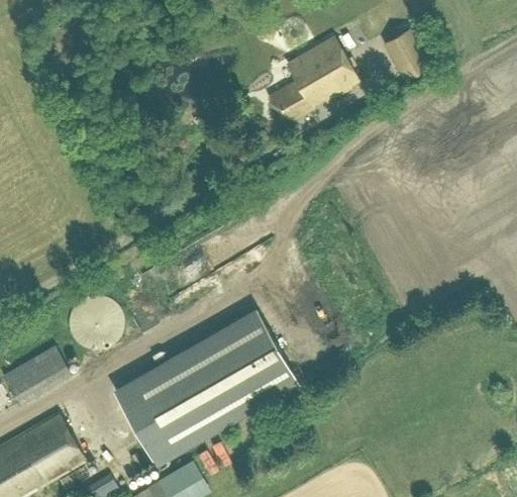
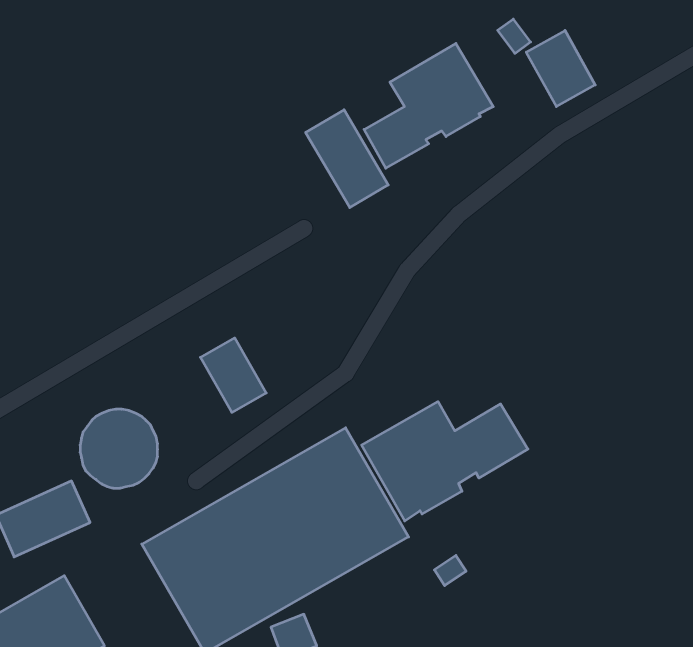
building: none -> [306,110,388,208]
building: none -> [200,338,266,412]
building: none -> [362,402,528,521]

